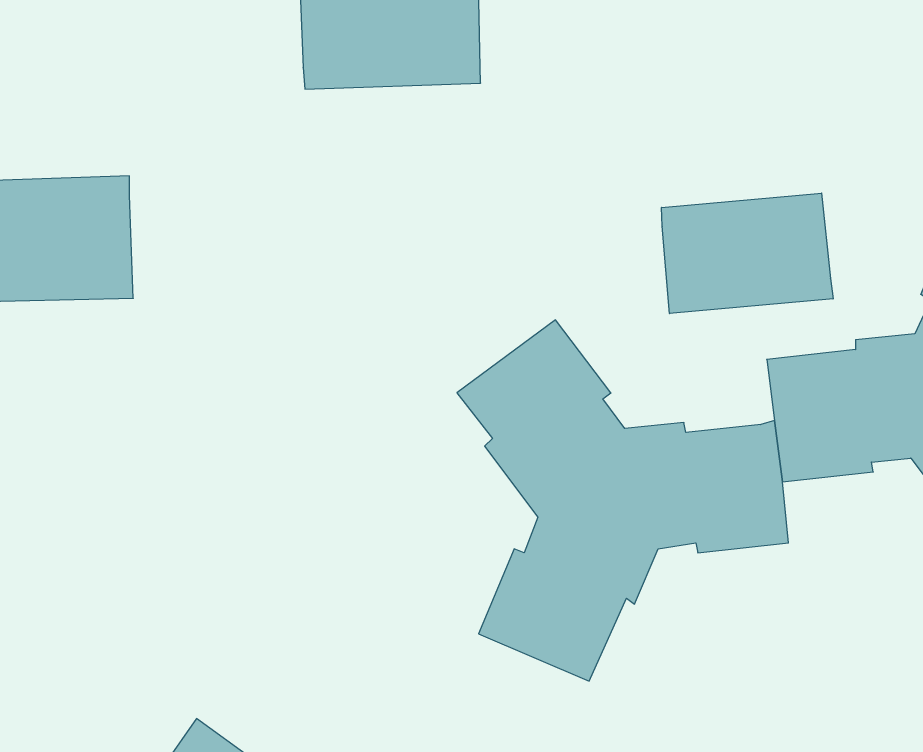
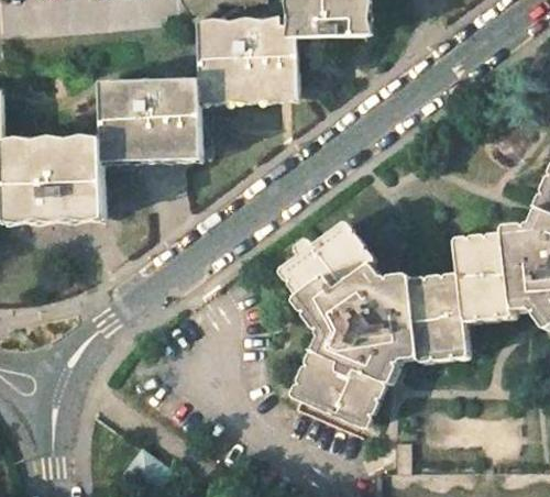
building: none -> [98,81,200,153]
building: [662,193,833,314] -> none

